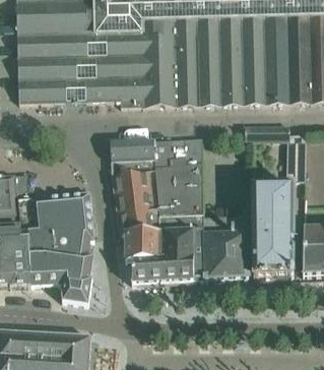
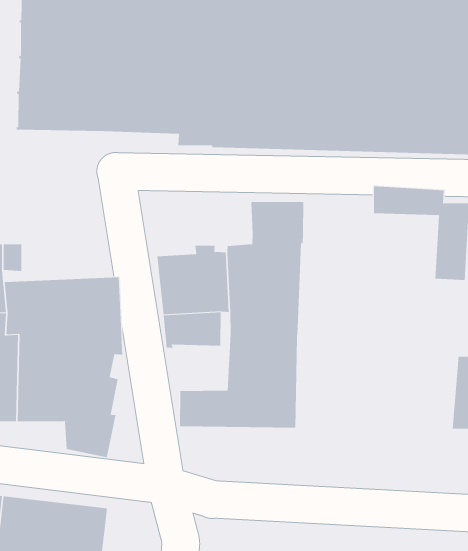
building: [110,137,171,176] -> none
building: [251,185,295,276] -> none
building: [124,208,160,260] -> none
building: [203,214,248,279] -> none

